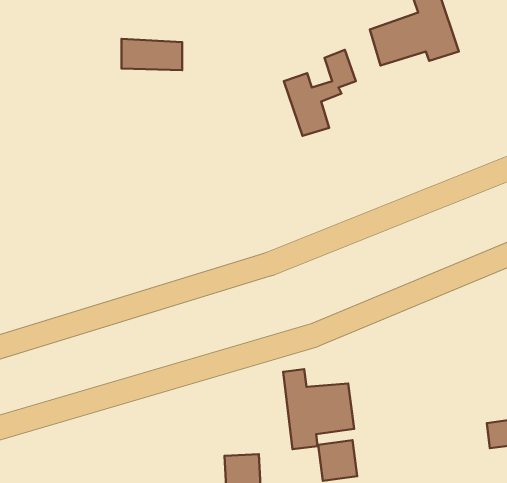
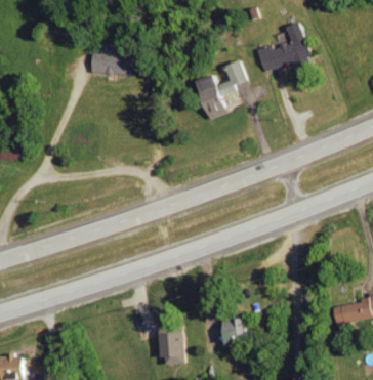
building: [283,369,354,449] -> none

